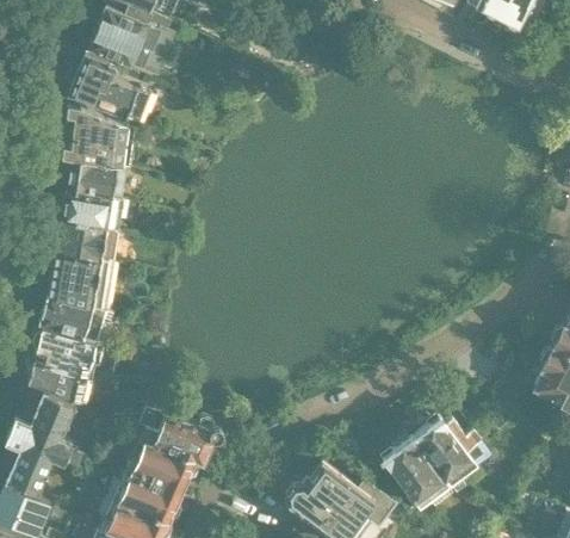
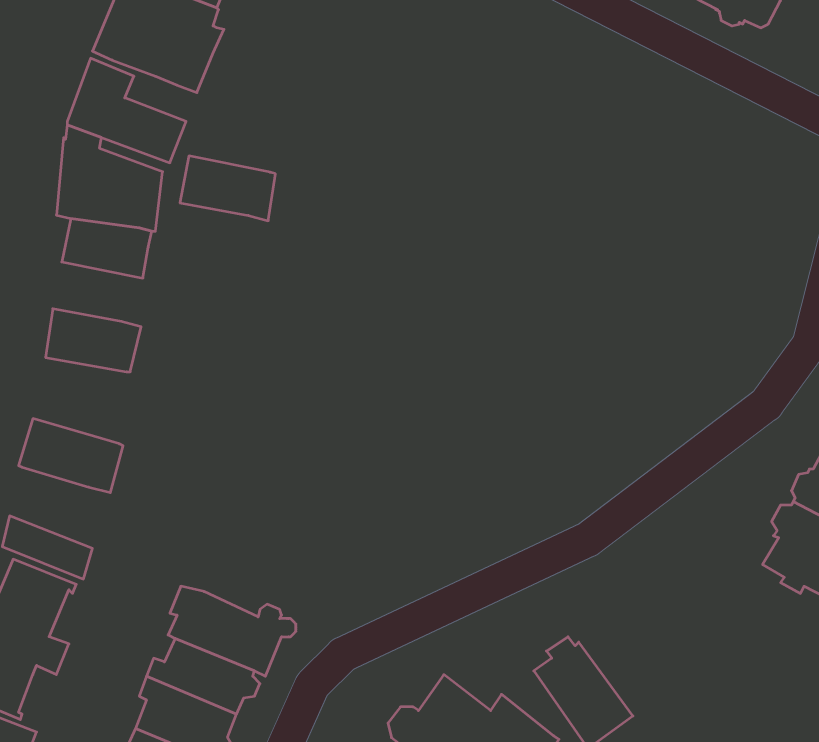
building: [62,190,125,233] -> [180,156,275,221]
building: [49,253,113,310] -> none
building: [32,326,107,379] -> none
building: [410,419,484,490] -> none

